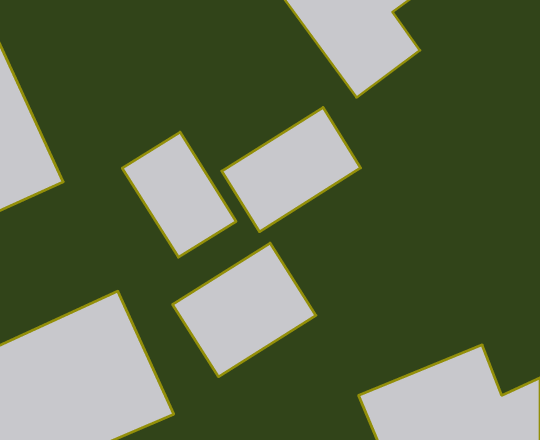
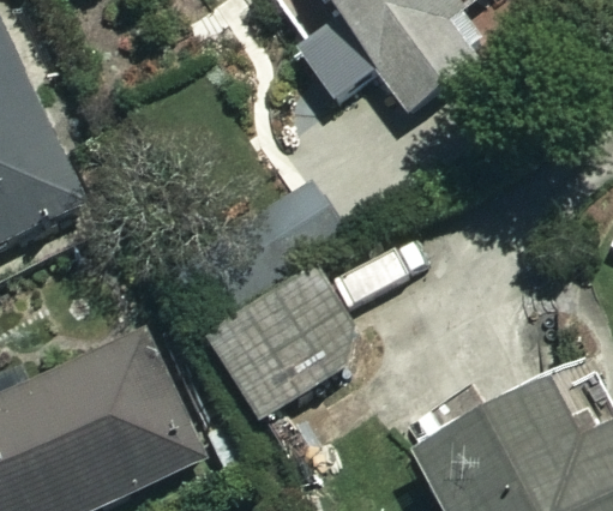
building: [222,107,361,232] -> none
building: [122,132,236,257] -> none

